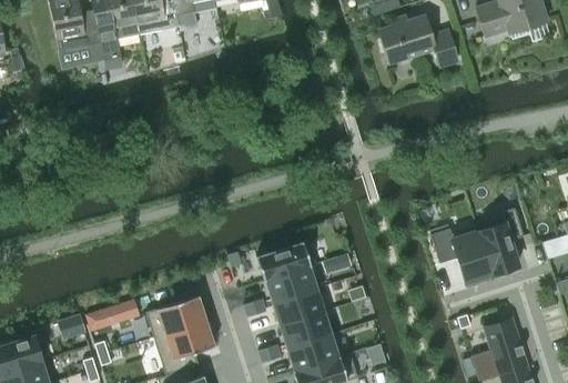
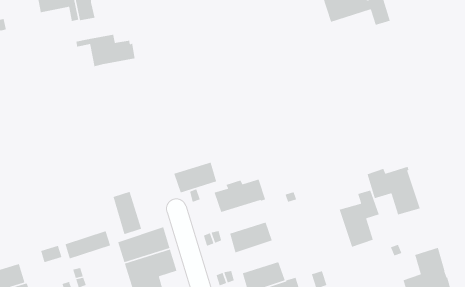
building: none -> [76,34,136,67]
building: [478,208,525,274] -> [339,190,380,248]
building: none -> [112,191,142,235]
building: [266,265,316,302] -> [173,161,217,194]
building: [281,311,331,347] -> none

